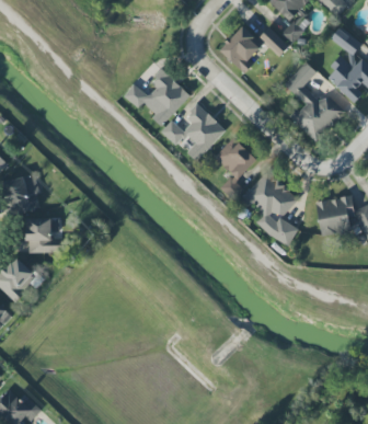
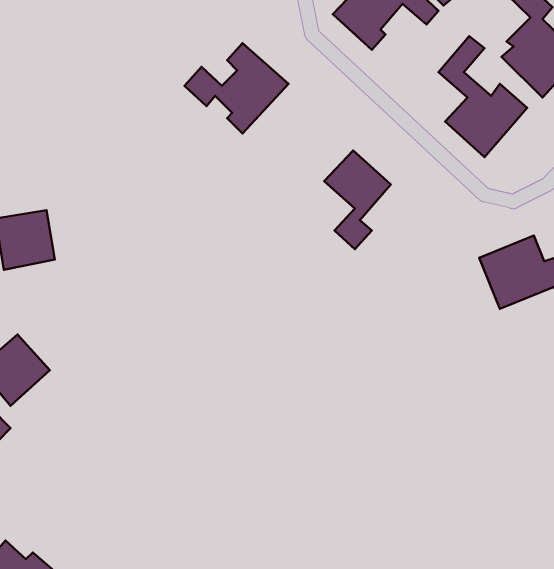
building: [161,102,226,161] -> none
building: [241,170,299,247] -> none
building: [26,217,61,252] -> none

